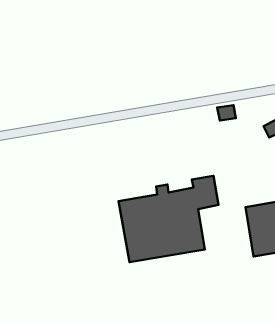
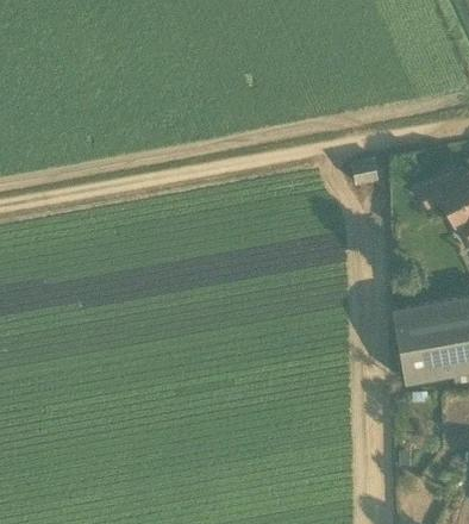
building: [118,176,219,262] -> none

